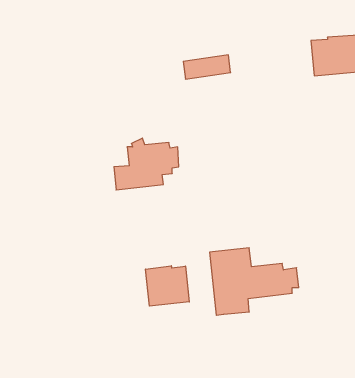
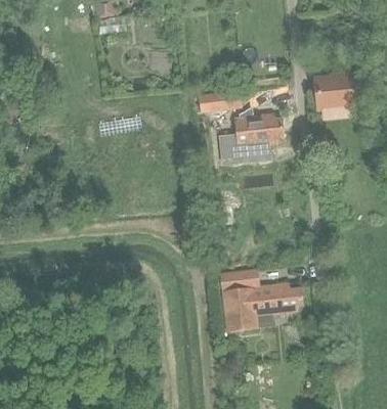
building: [114,138,179,190] -> [222,108,283,156]
building: [146,266,189,306] -> none

